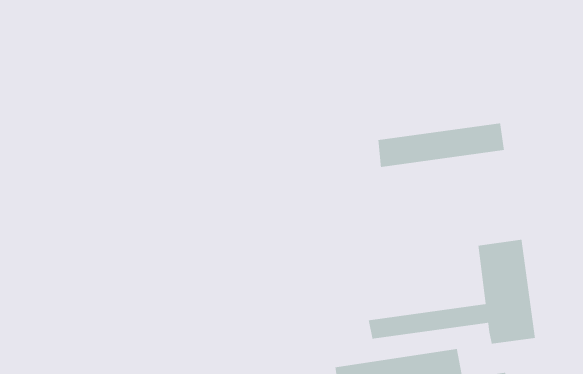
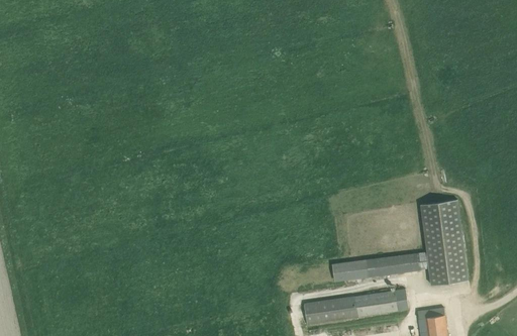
building: [377,122,505,168] -> none

